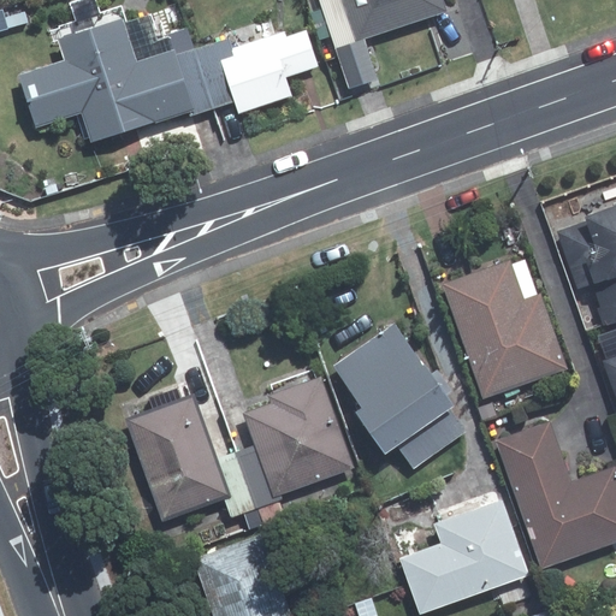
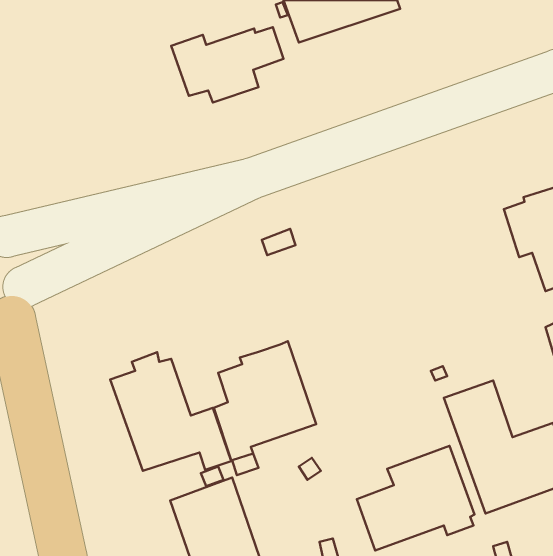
building: [17,19,213,143] -> none
building: [444,261,568,399] -> none
building: [331,318,466,464] -> none

